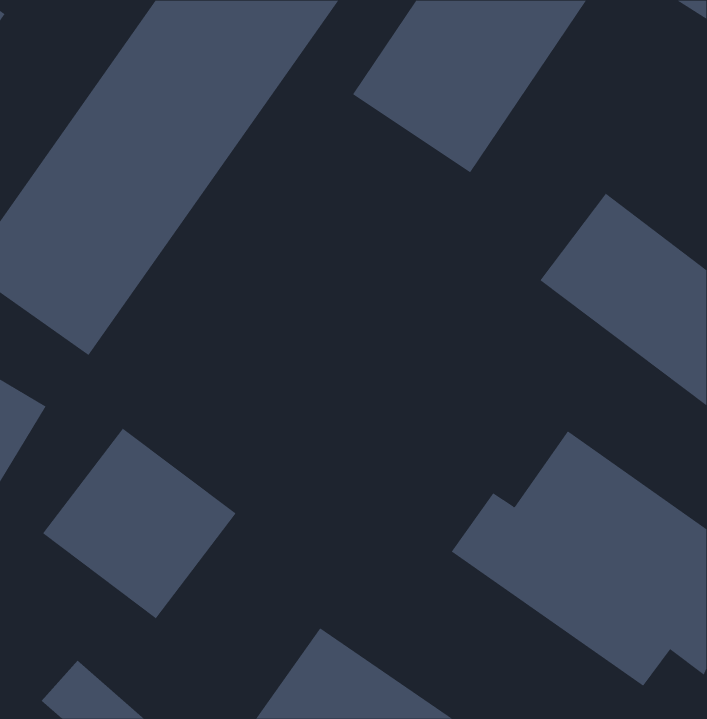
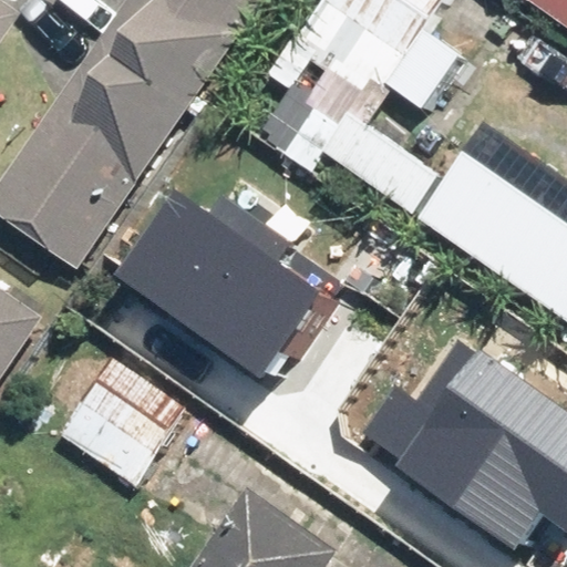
building: none -> [134,182,350,381]

